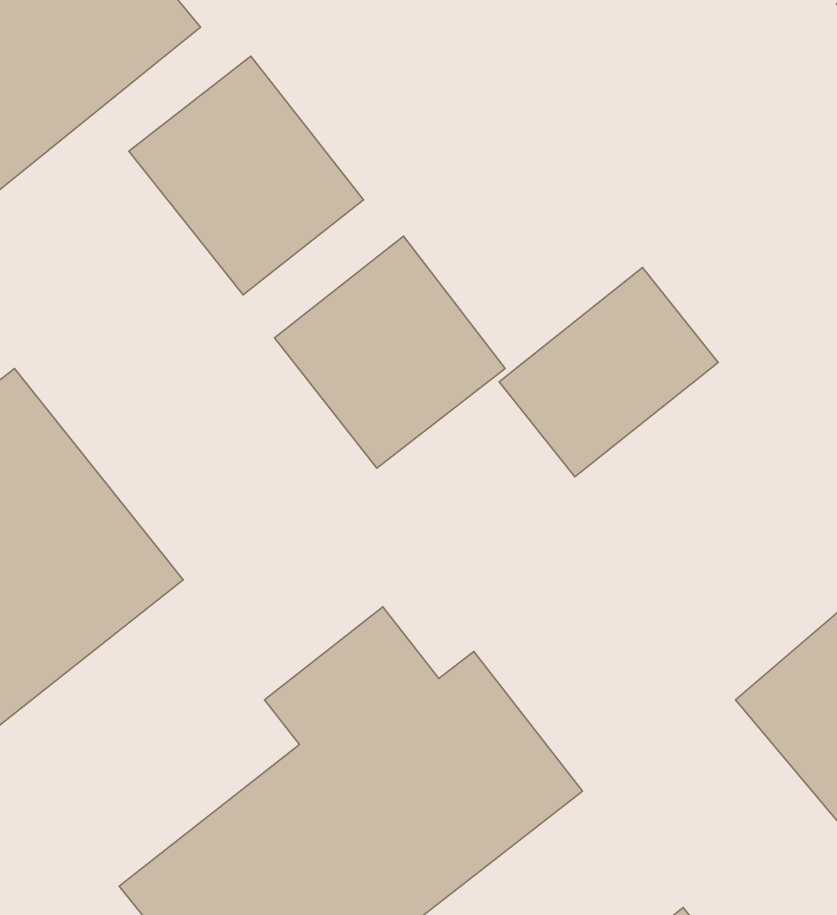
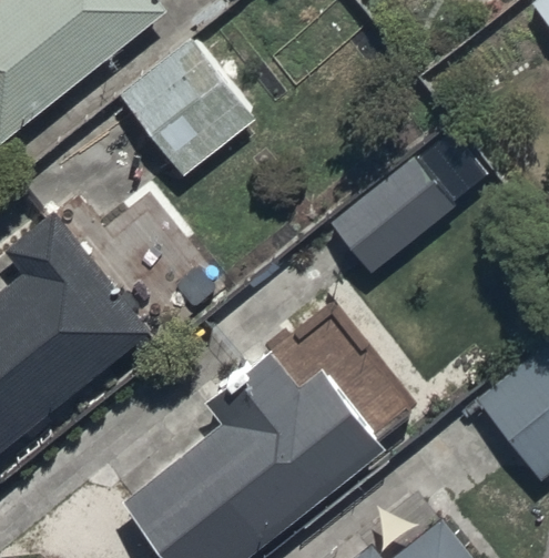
building: [275,236,505,468] -> none

